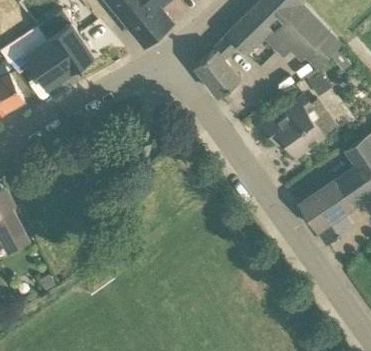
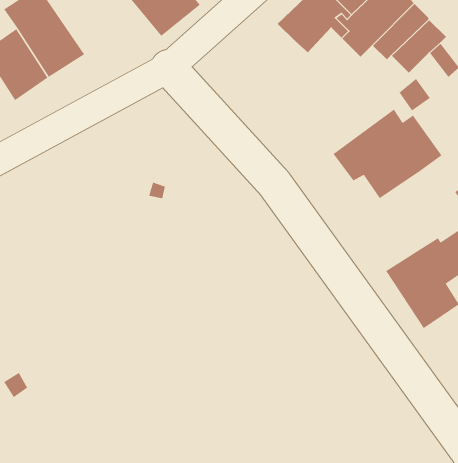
building: [195,35,240,96] -> none

